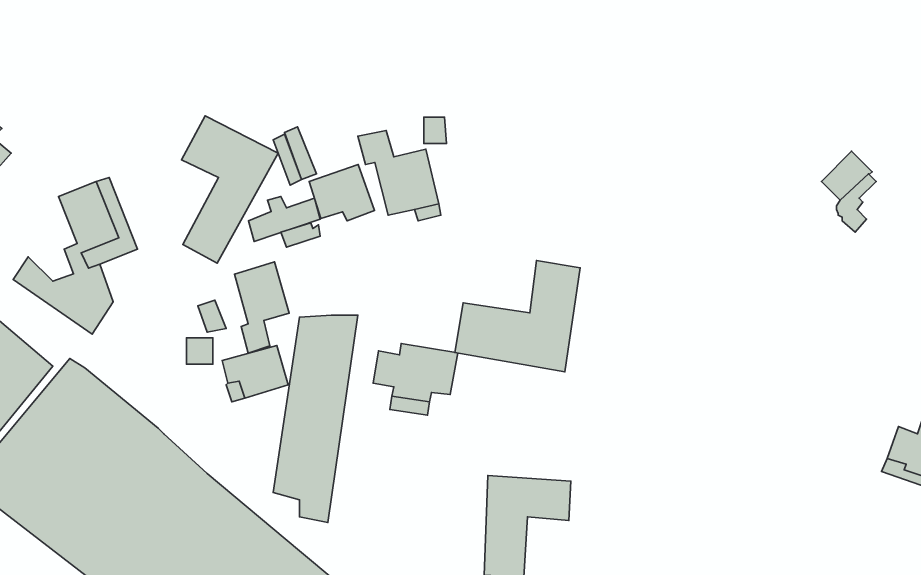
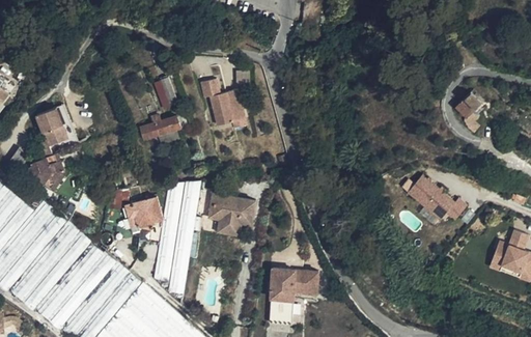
building: [181,116,278,263] -> none
building: [309,165,375,221] -> none
building: [455,260,580,372] -> none
building: [234,262,289,353] -> none
building: none -> [408,175,467,220]

